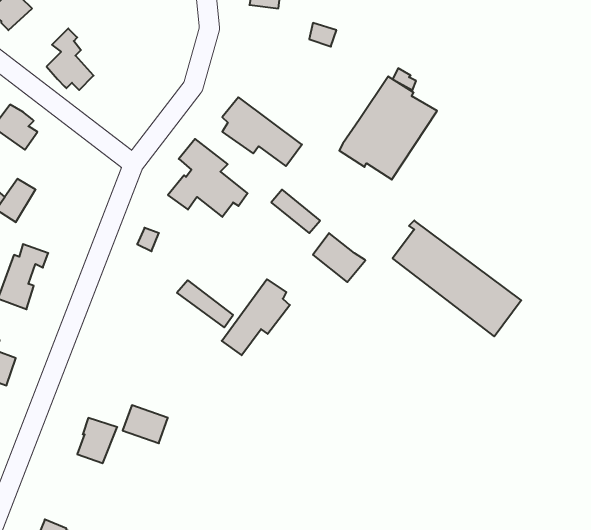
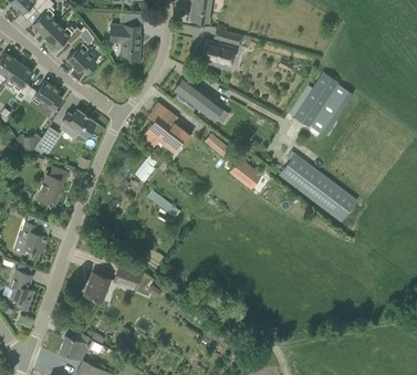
building: none -> [43,23,83,49]
building: none -> [110,25,139,61]
building: none -> [201,41,234,71]
building: [339,76,437,180] -> [293,73,353,136]
building: none -> [62,110,95,137]
building: [222,279,290,355] -> none

